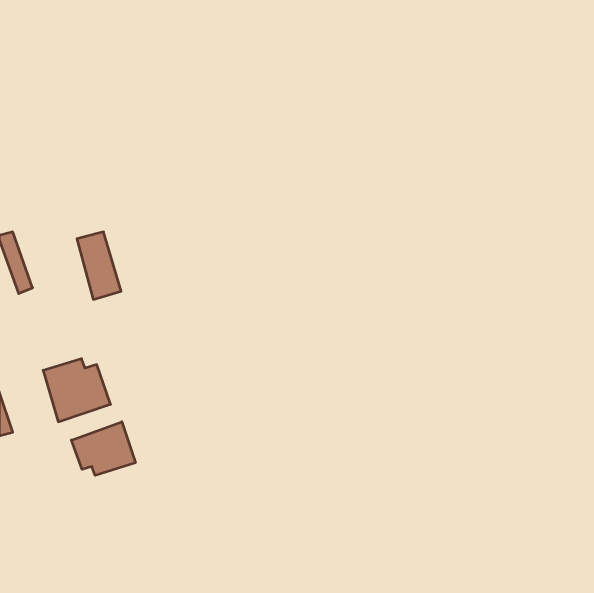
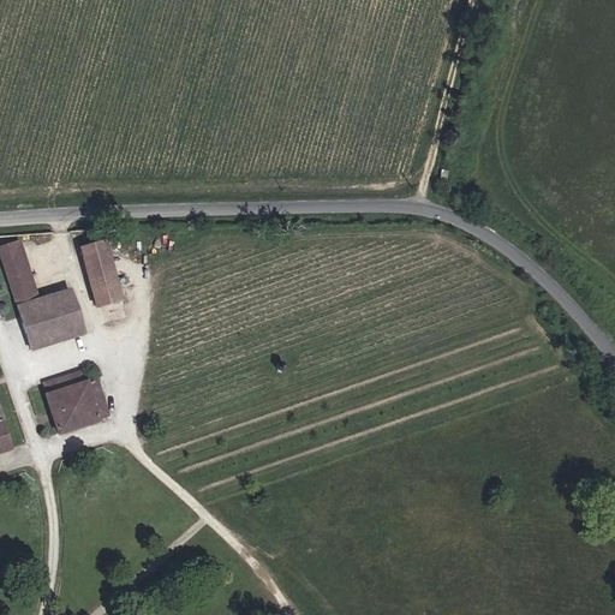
building: none -> [19,286,83,347]
building: [71,422,135,475] -> none

